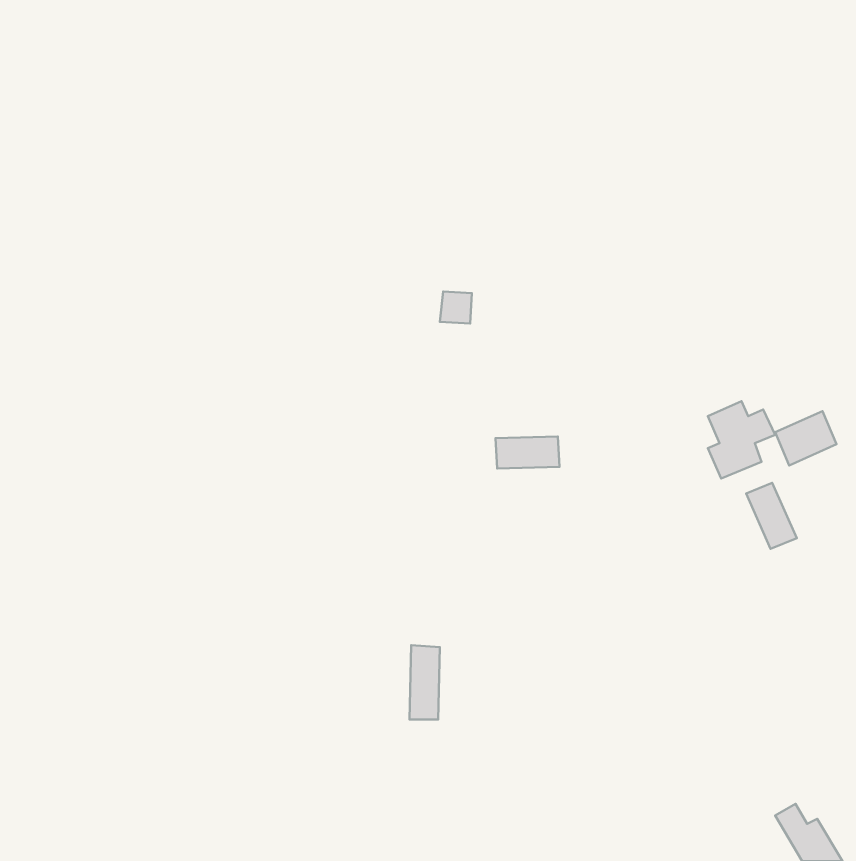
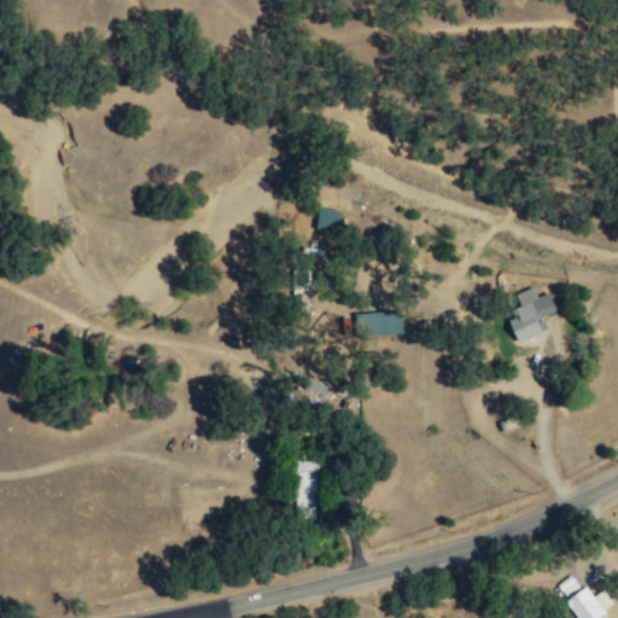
building: [775,411,837,465] -> none
building: [746,483,797,549] -> none

